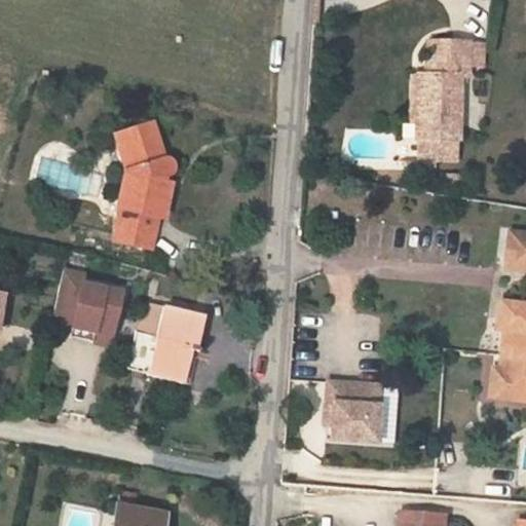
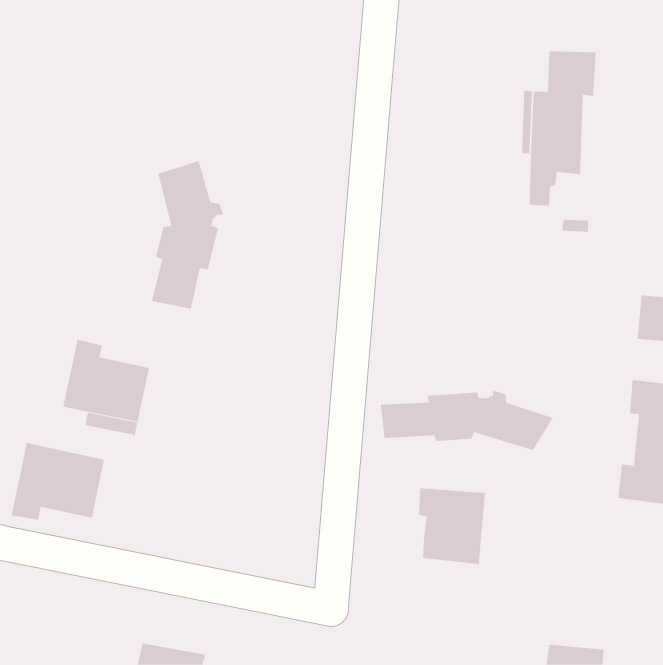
building: none -> [380,389,553,451]
building: [146,311,196,380] -> none
building: none -> [11,442,105,520]

